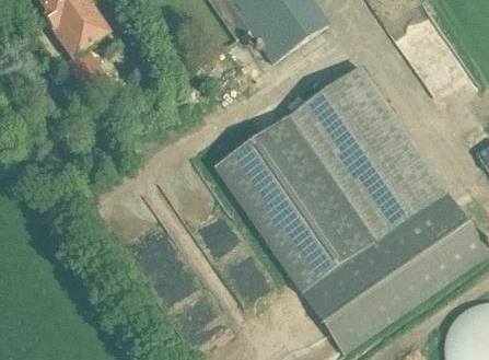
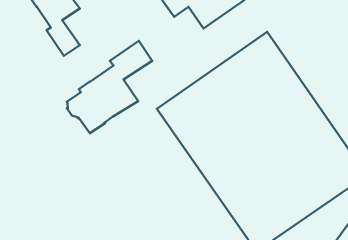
building: none -> [67,41,152,133]

